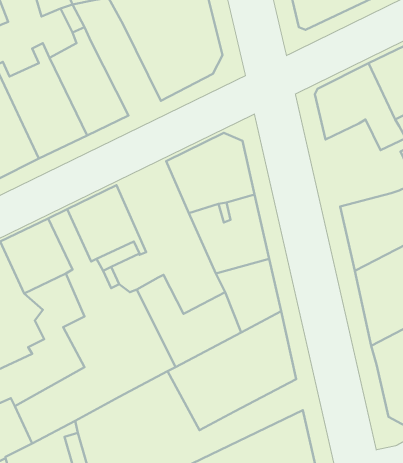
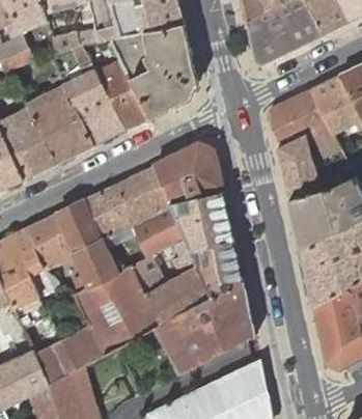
building: none -> [95,59,149,130]
building: none -> [277,136,328,200]
building: none -> [115,165,199,276]

